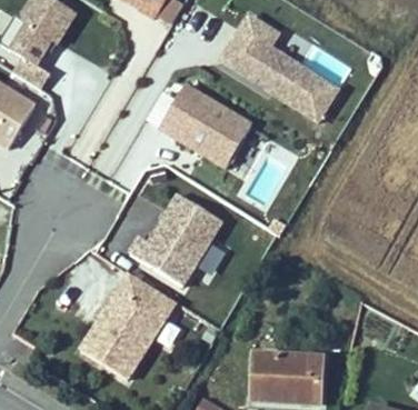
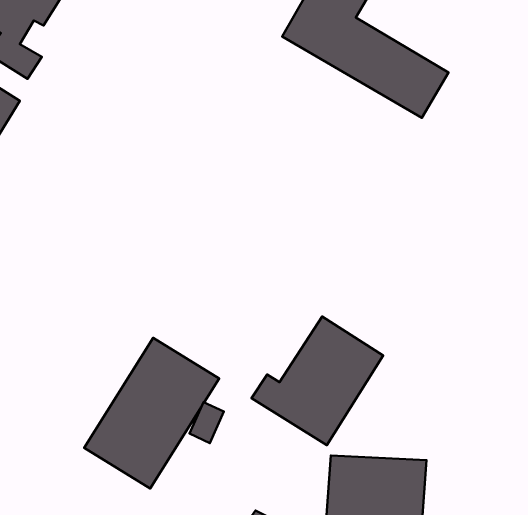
building: [158,84,251,167] -> none
building: [129,194,222,286] -> [251,316,383,445]

